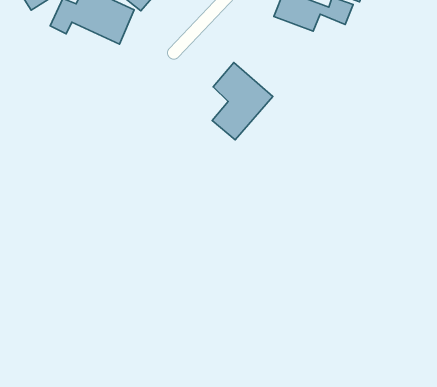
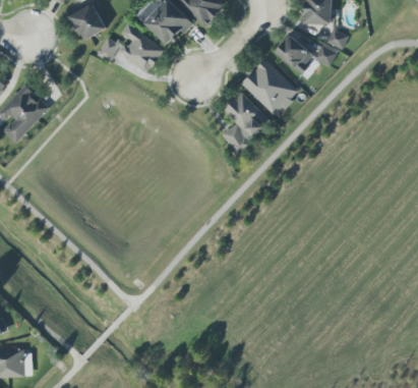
building: none -> [241,58,299,116]

